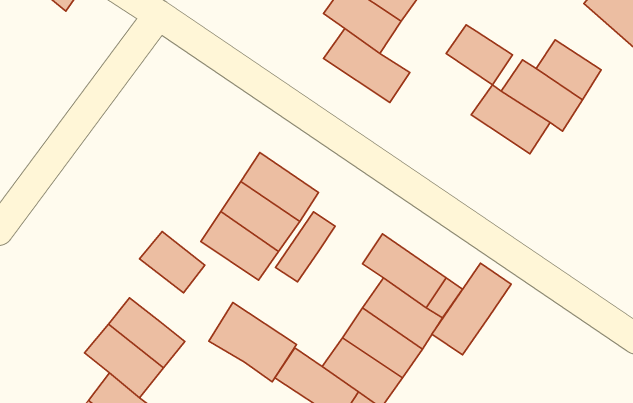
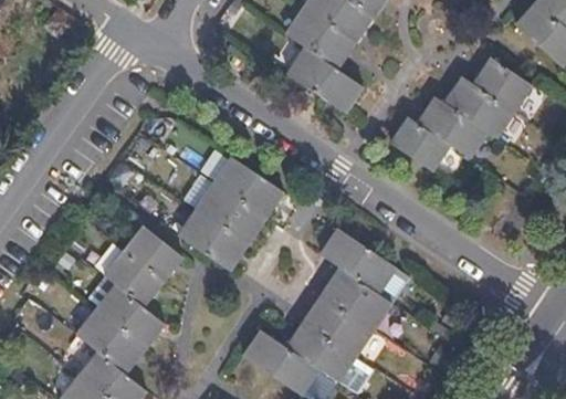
building: [446,25,512,85] -> [390,118,449,171]
building: [276,212,335,282] -> none
building: none -> [104,251,163,306]
building: [432,263,511,355] -> none
building: [209,302,297,382] -> none

